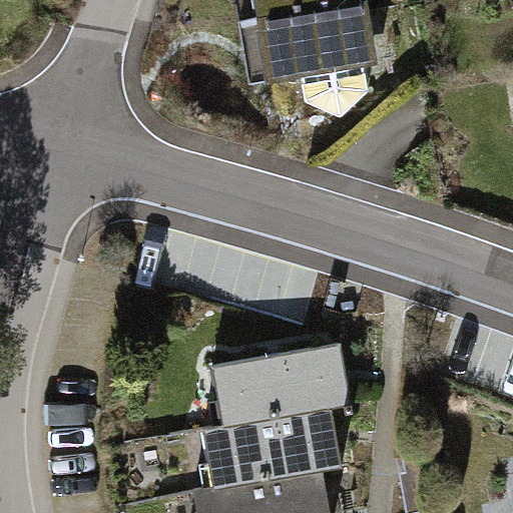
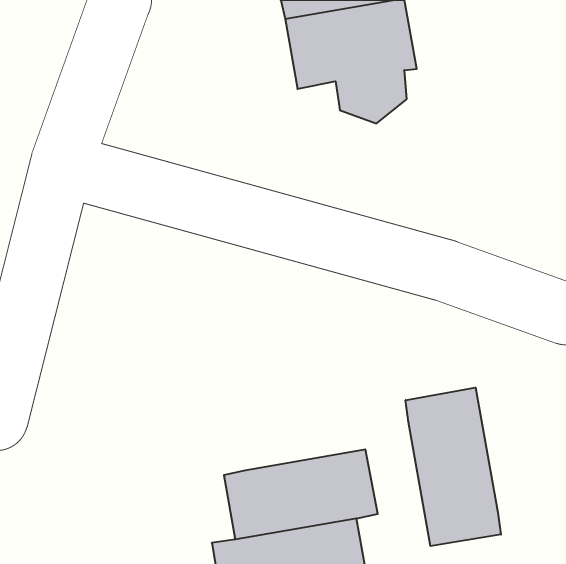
building: [209,346,349,428] -> none
building: none -> [406,388,501,546]

